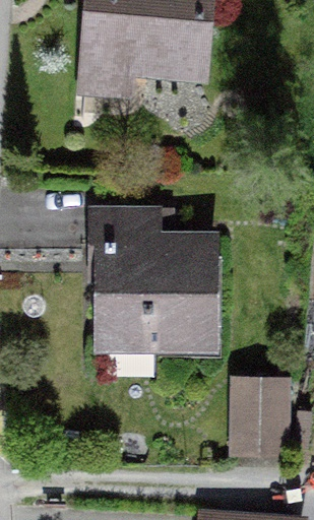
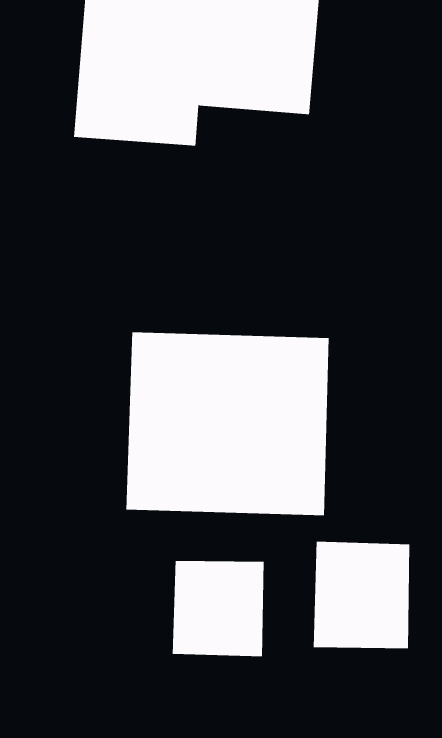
building: none -> [172,560,264,657]

